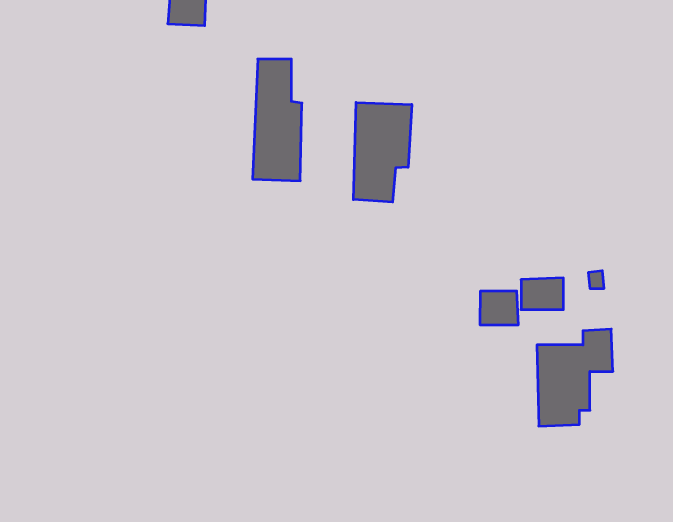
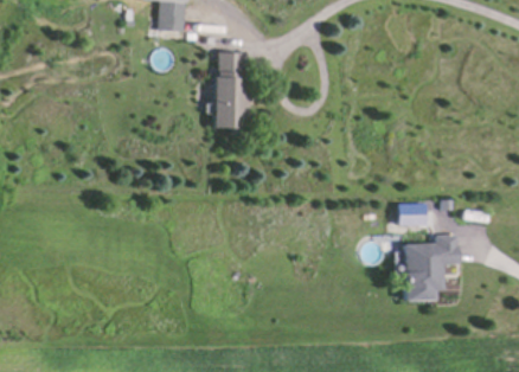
building: [353,102,412,202] -> none
building: [480,291,518,325] -> none

